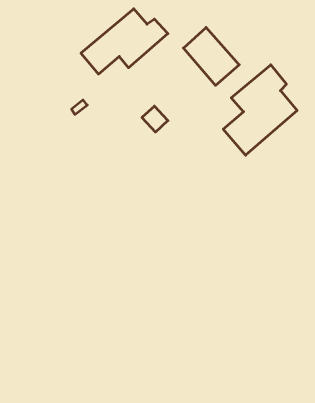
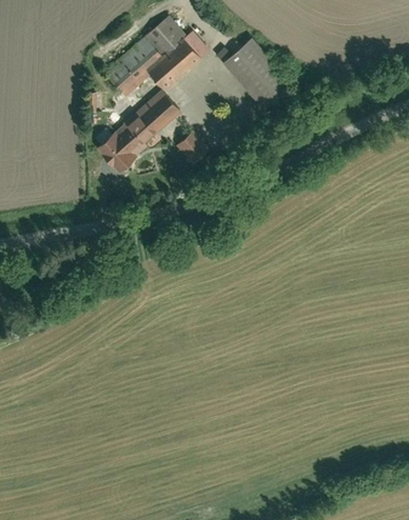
building: [223,65,297,155] -> none
building: none -> [96,91,178,176]

